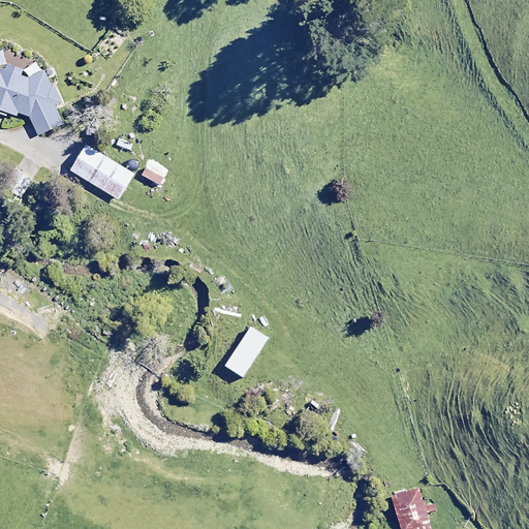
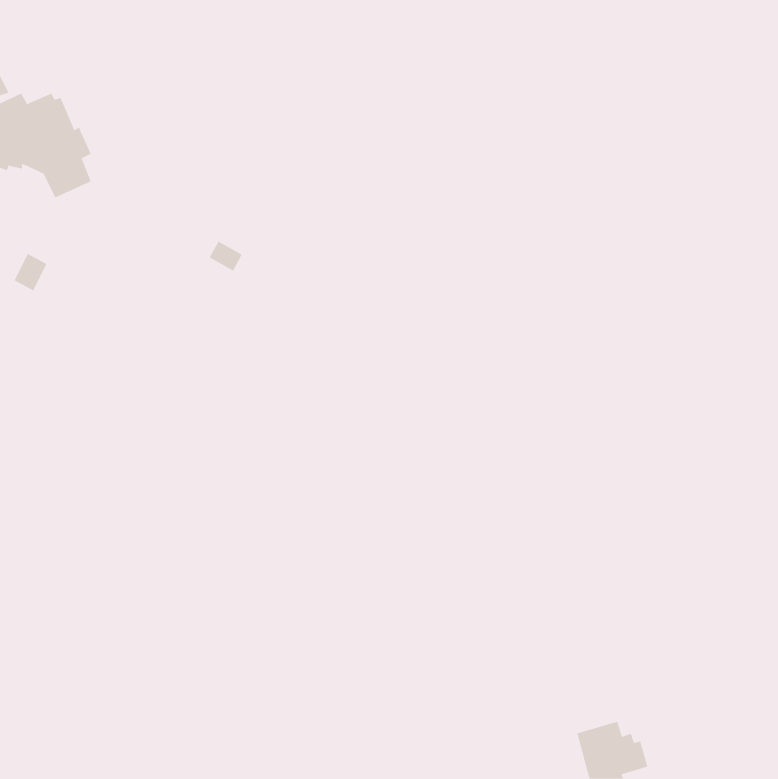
building: [69,144,133,198] -> none
building: [223,326,267,377] -> none

